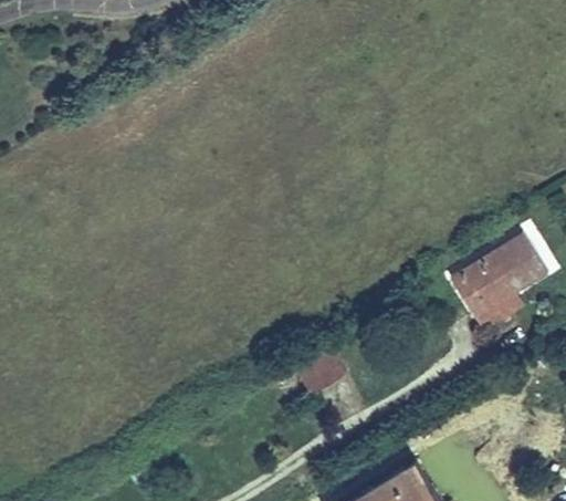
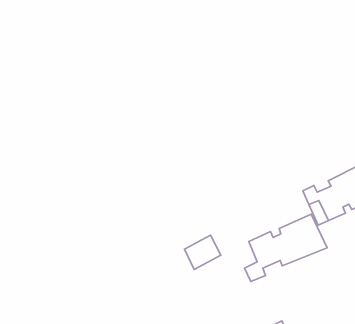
building: none -> [245,214,327,282]

